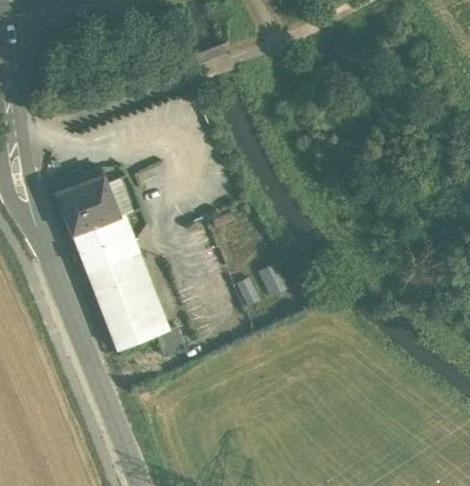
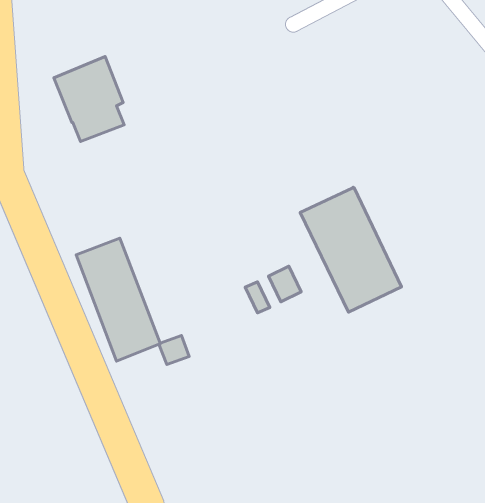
building: [57,175,122,253] -> [54,57,124,142]
building: none -> [300,187,401,312]

